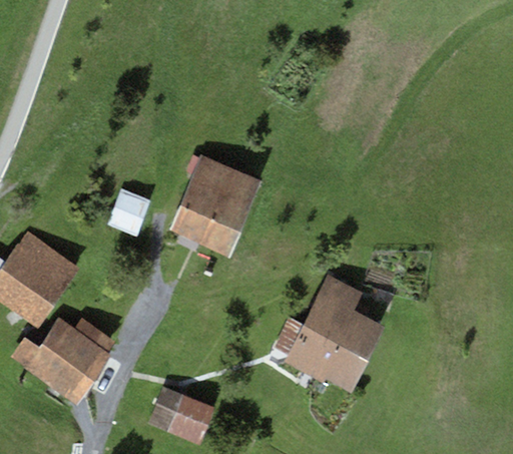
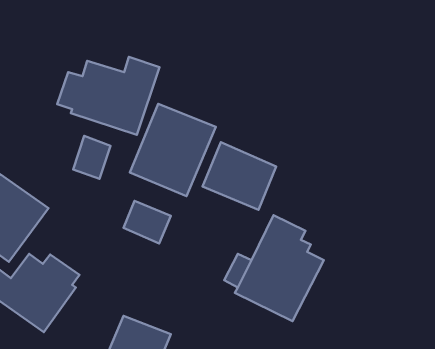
building: none -> [57,57,159,135]
building: none -> [203,142,276,210]
building: none -> [123,201,171,244]

